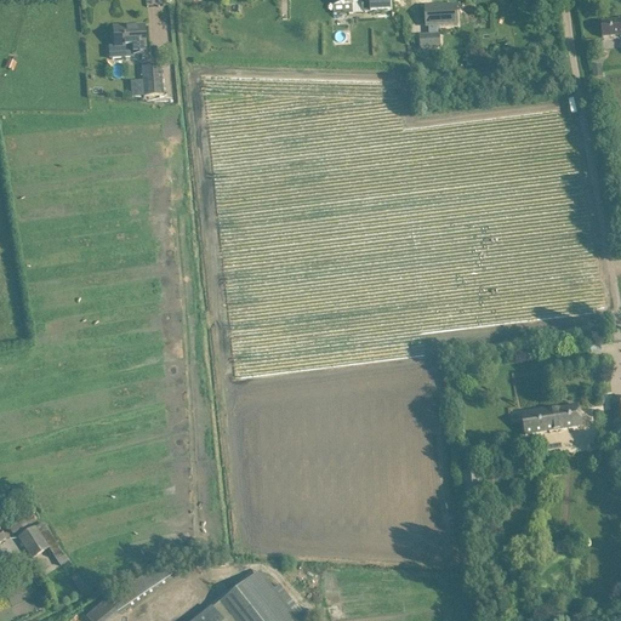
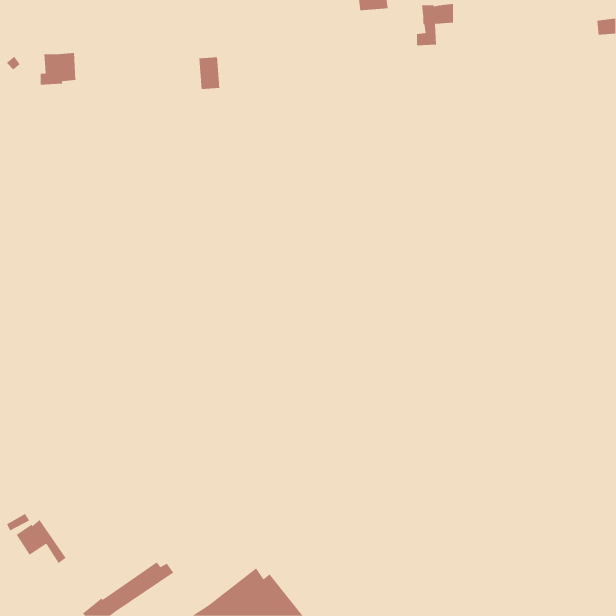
building: [107,24,143,57] -> [40,52,76,85]
building: [139,63,161,96] -> [198,57,220,90]
building: [519,404,580,433] -> none

